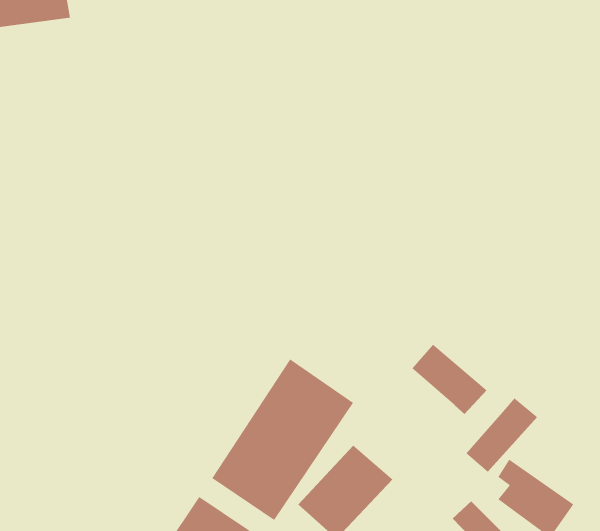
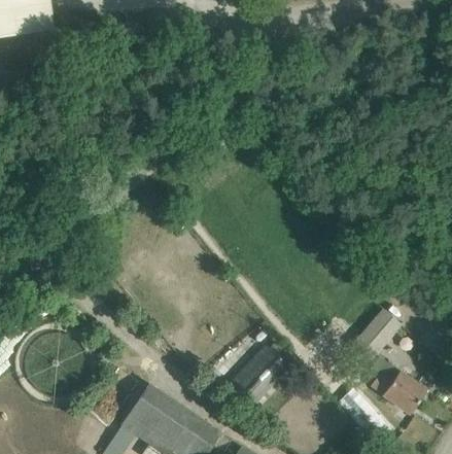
building: [412,344,488,415] -> none
building: [211,358,354,521] -> none

